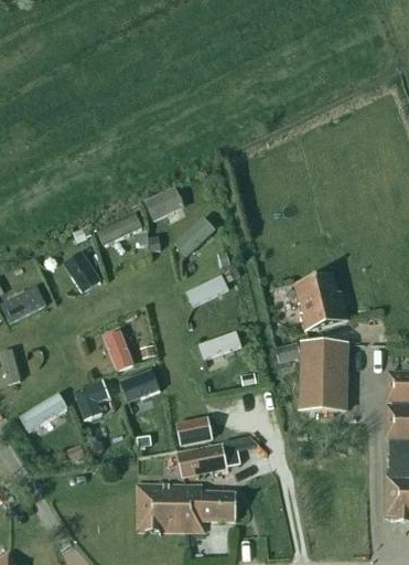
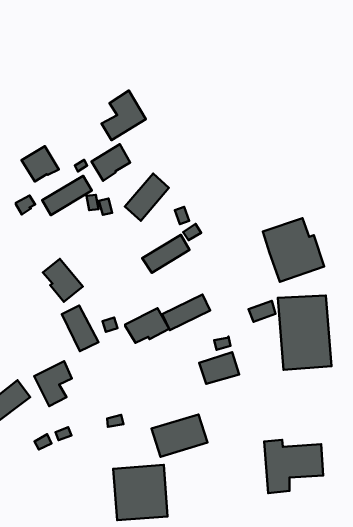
building: none -> [102,91,146,140]
building: none -> [21,146,59,182]
building: [65,250,100,290] -> [43,259,83,302]
building: [120,369,160,398] -> [125,308,169,343]
building: [176,416,212,443] -> [199,352,239,384]
building: [183,483,236,531] -> [264,440,323,493]

